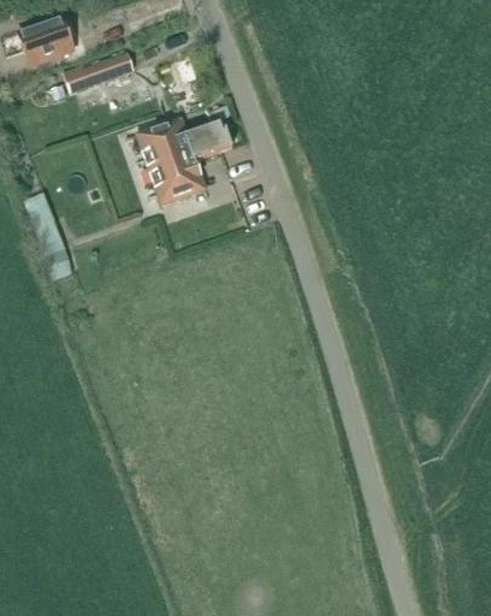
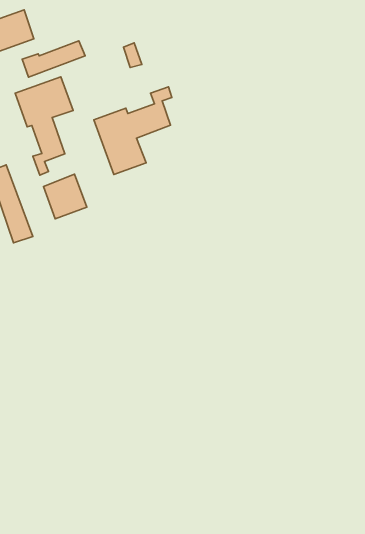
building: none -> [15,77,73,175]
building: none -> [43,174,87,219]

